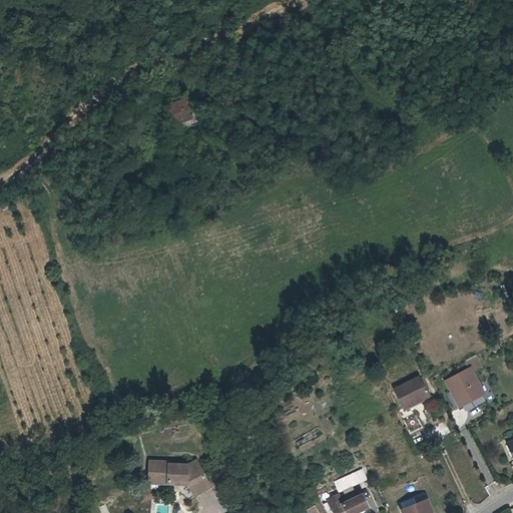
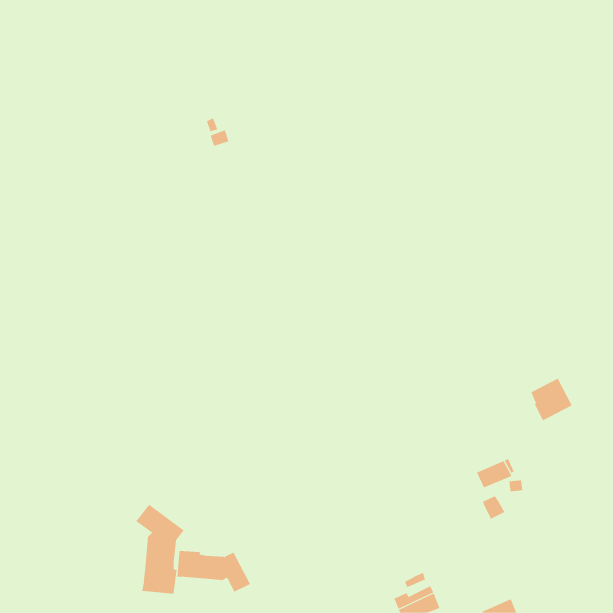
building: [448,370,483,406] -> [530,378,572,421]
building: none -> [136,504,184,594]

